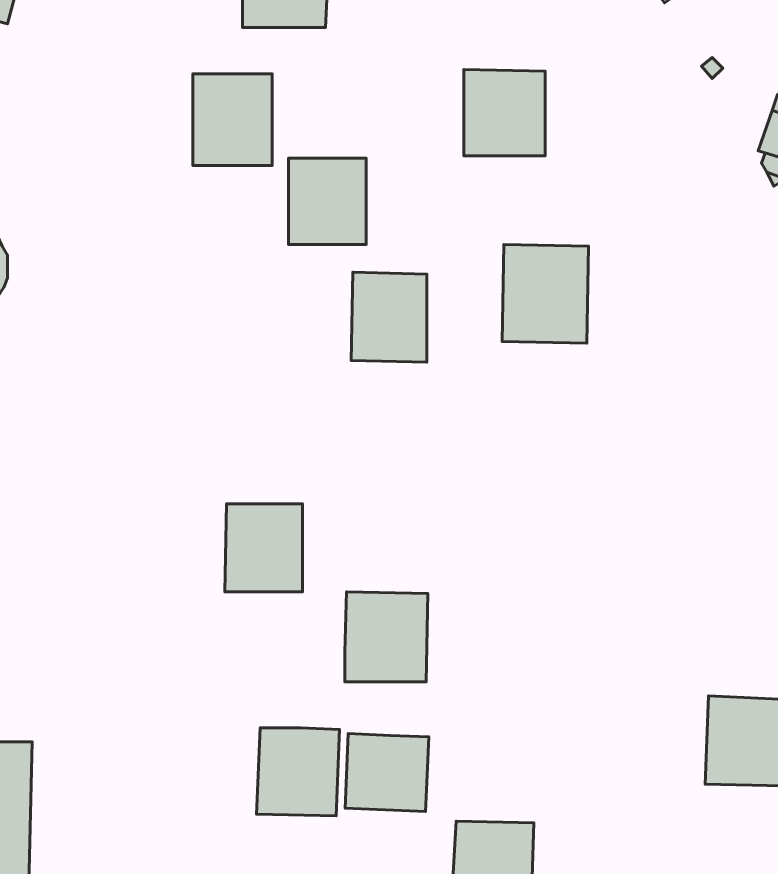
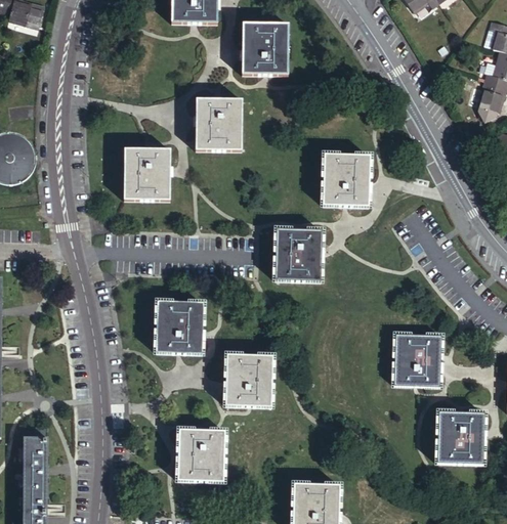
building: [464,69,545,156] -> [242,24,289,74]
building: [193,74,272,166] -> [123,149,169,203]
building: [351,272,427,362] -> [278,227,322,279]
building: none -> [392,334,440,387]
building: [345,734,429,812] -> none

